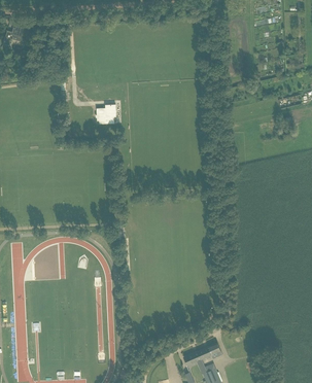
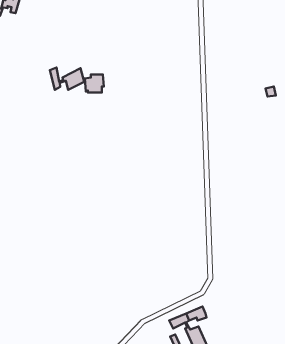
building: none -> [50,67,84,90]

